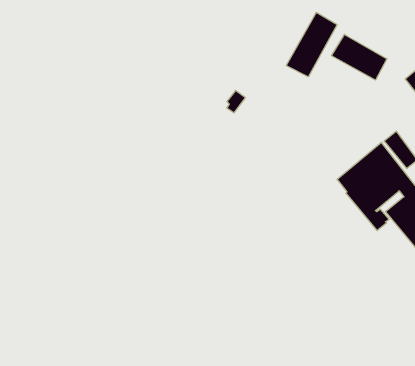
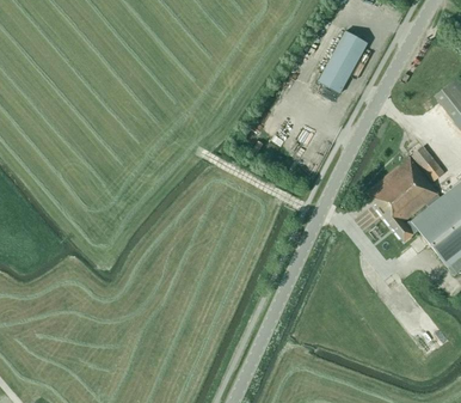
building: [332,34,387,80] -> none

